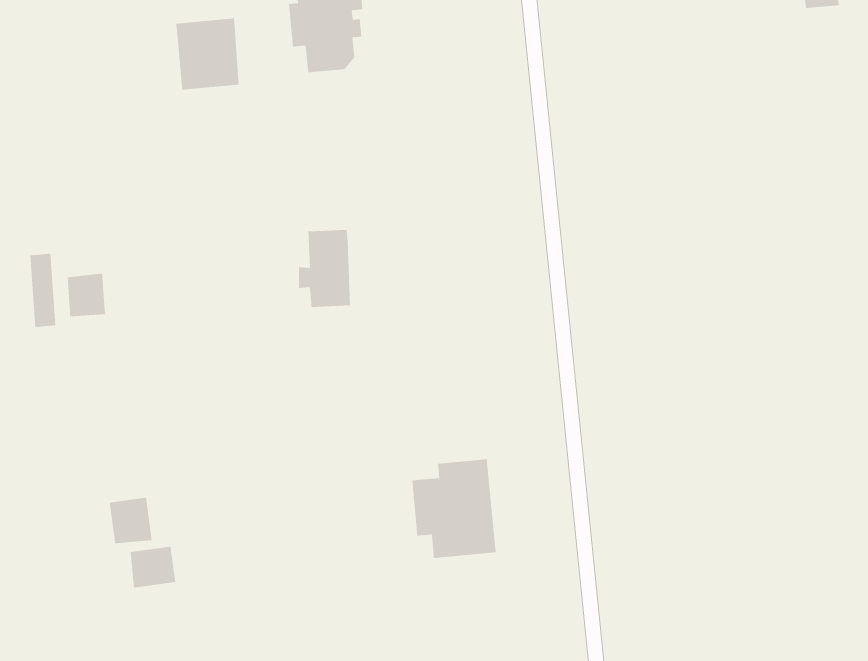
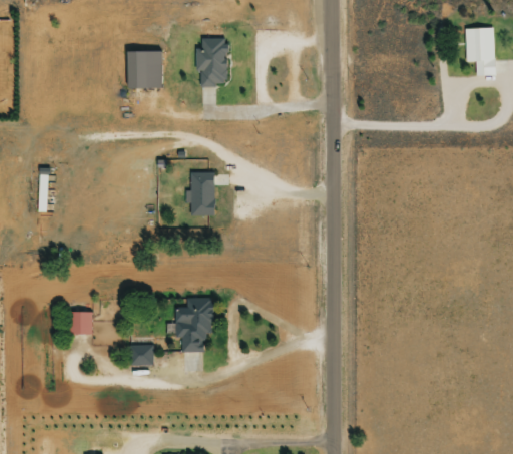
building: [67,273,105,317] -> none
building: [411,459,496,558] -> [172,300,215,352]
building: [130,546,176,588] -> [129,343,153,364]

